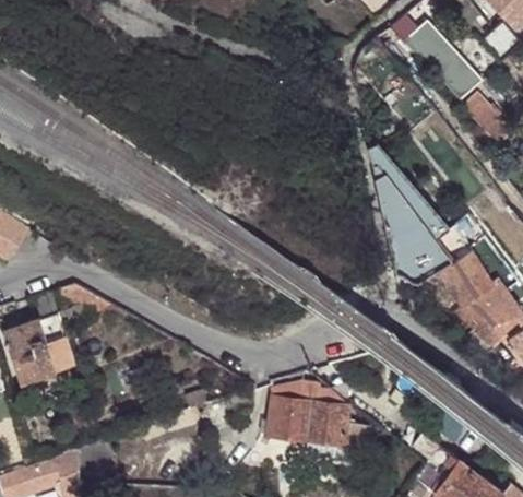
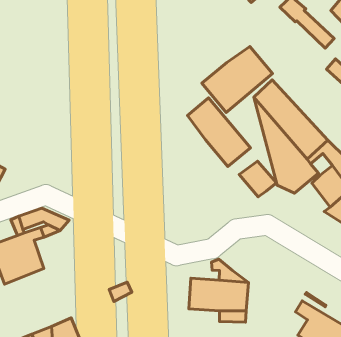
building: none -> [202,46,273,112]
building: none -> [188,98,251,167]
building: none -> [239,161,276,197]

